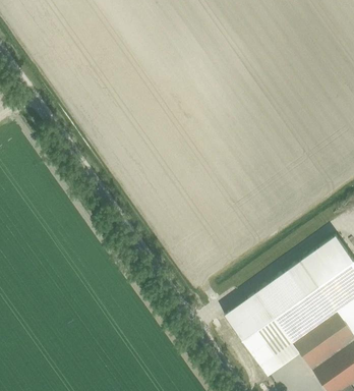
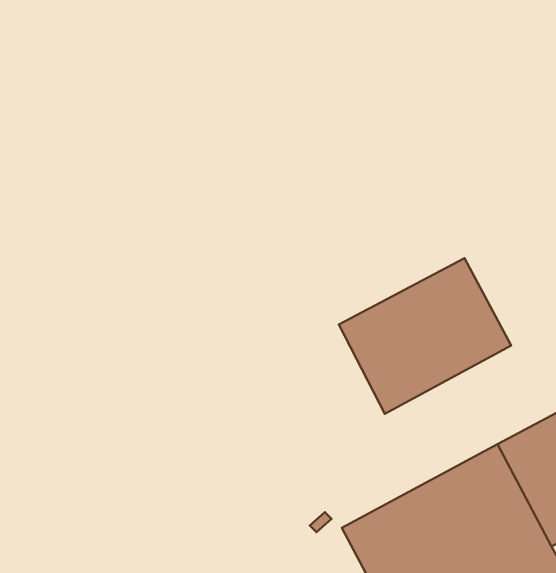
building: none -> [339,258,511,414]

